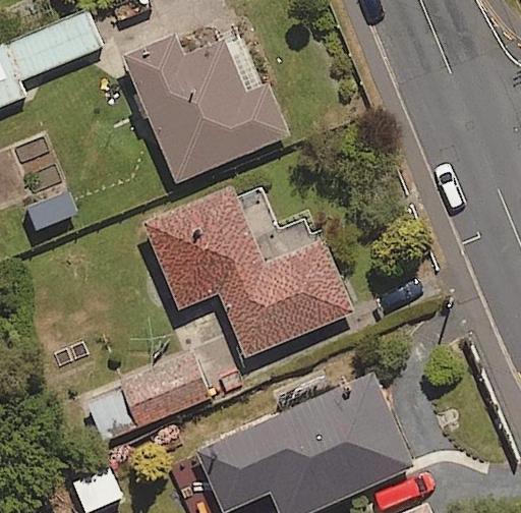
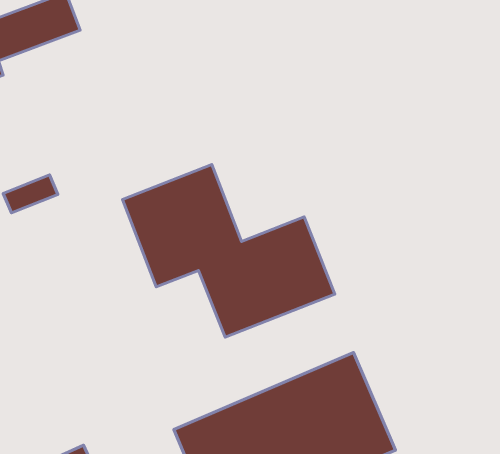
building: [126,27,289,183] -> none
building: [84,348,210,435] -> none

